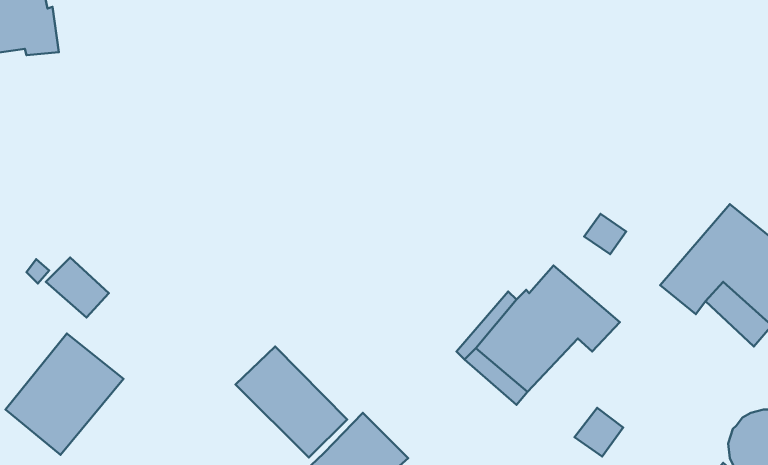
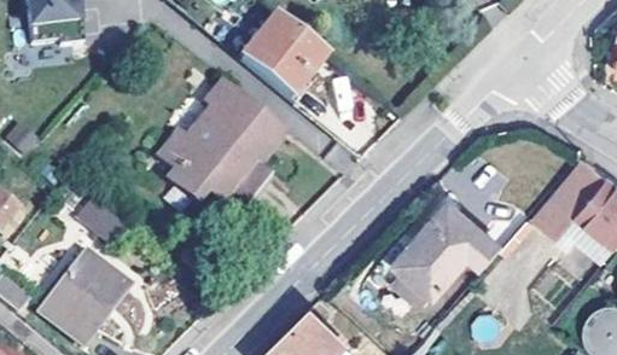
building: none -> [239,17,325,100]
building: none -> [161,83,280,213]
building: [235,346,347,458] -> none

